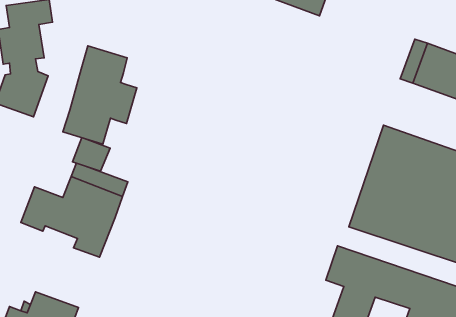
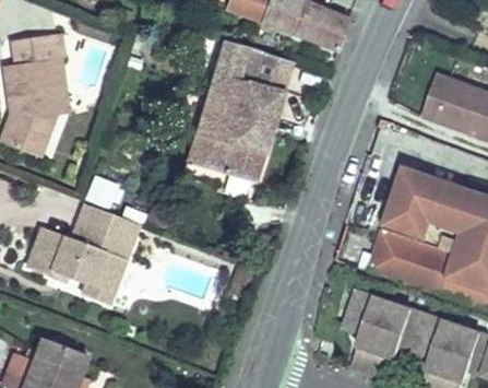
building: none -> [187,39,293,181]
building: [63,46,137,144] -> none

